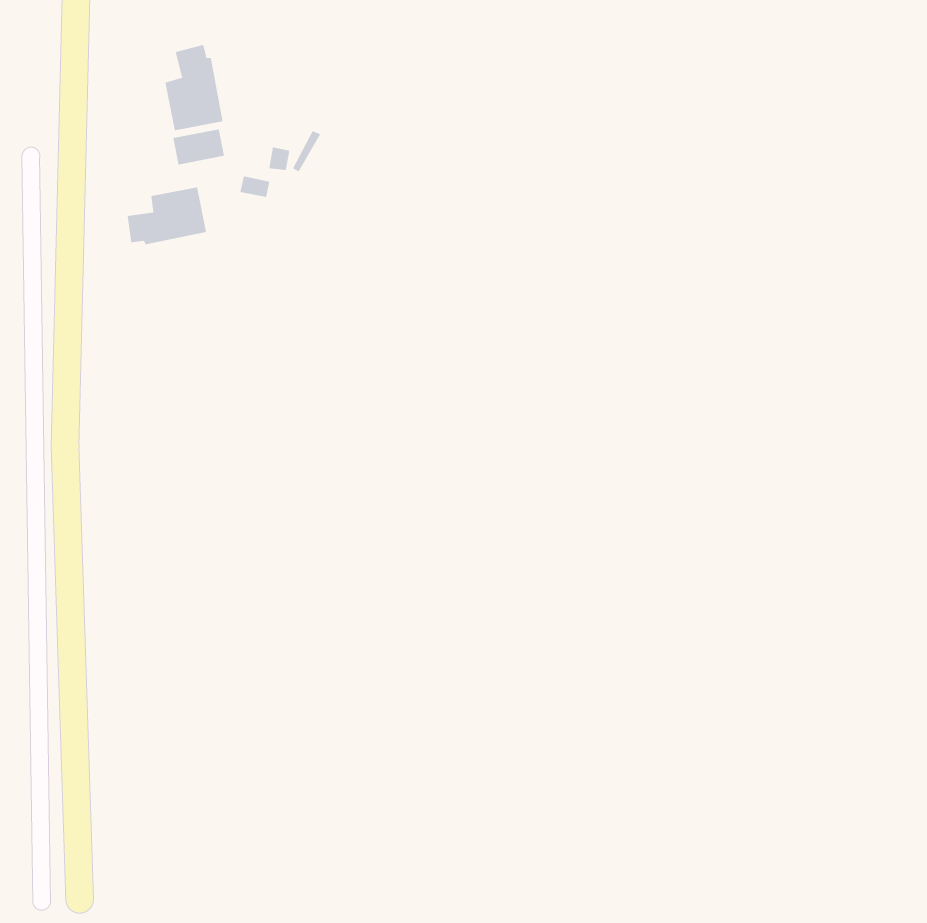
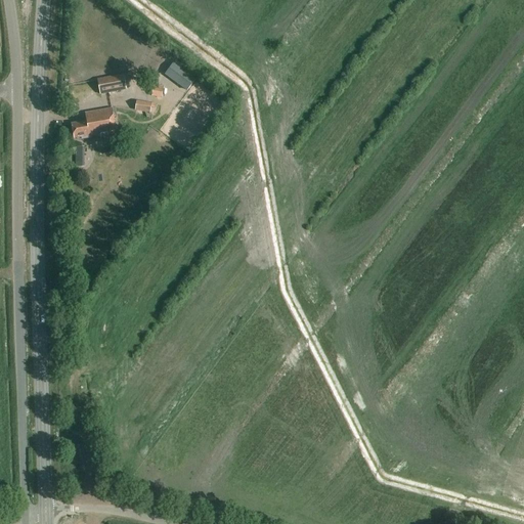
building: [165,44,223,131] -> none

